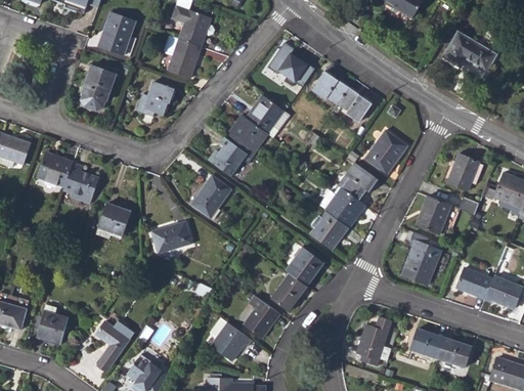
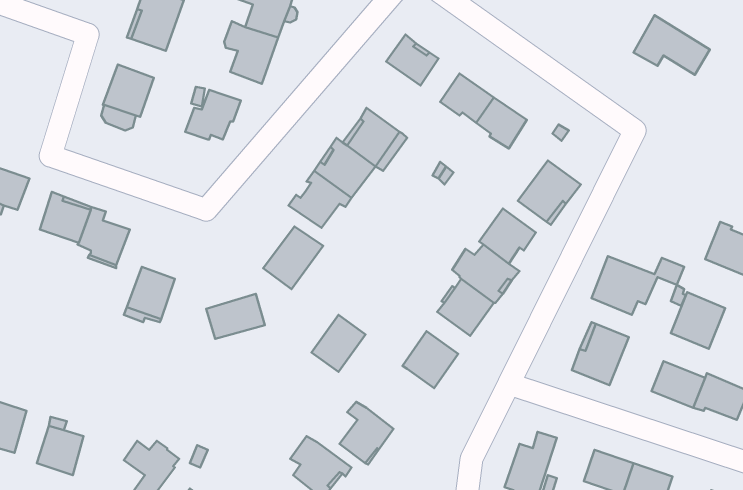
building: [447,154,478,190] -> none
building: none -> [671,292,725,349]
building: [270,272,307,311] -> [312,315,366,372]

